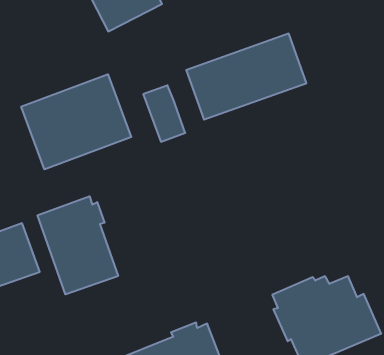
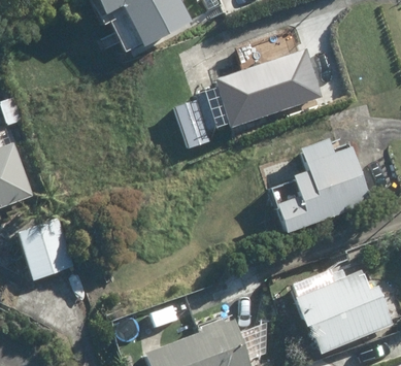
building: [21,74,131,169] -> none
building: none -> [273,140,369,235]
building: [38,196,118,294] -> none

